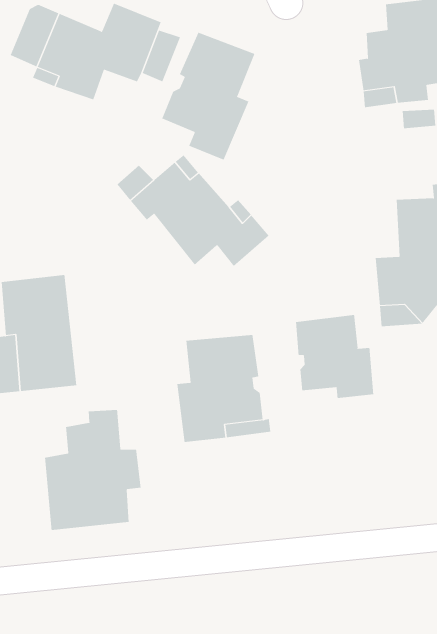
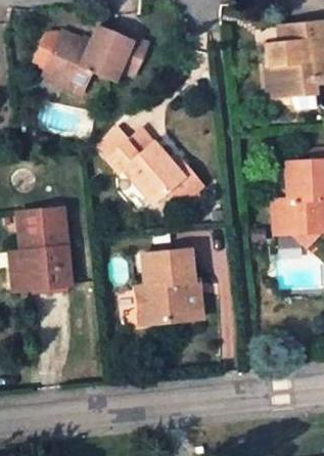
building: [161,32,255,161] -> none
building: [296,314,374,399] -> none
building: [44,409,141,531] -> none

